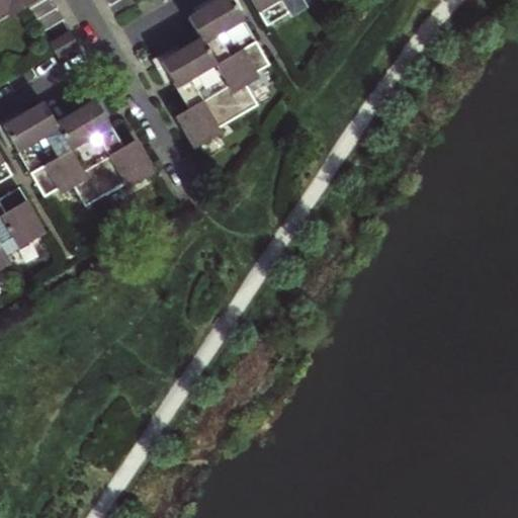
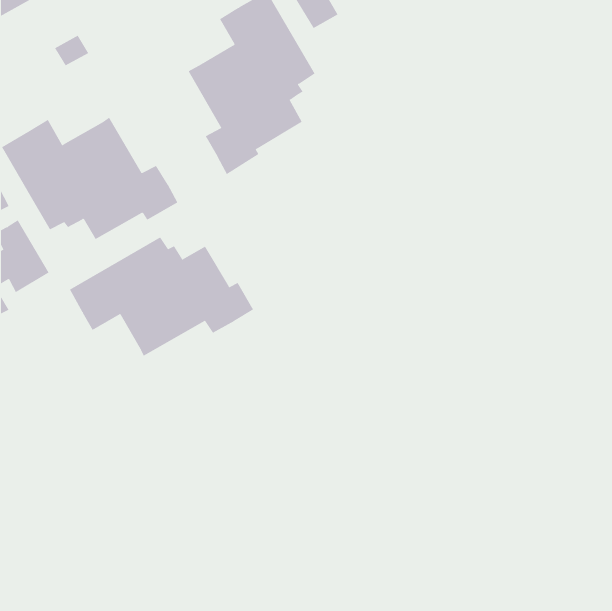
building: none -> [69,237,254,357]

